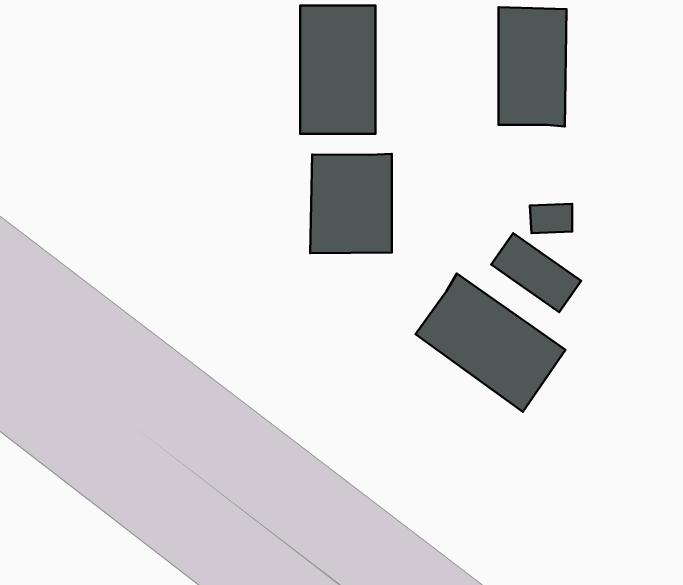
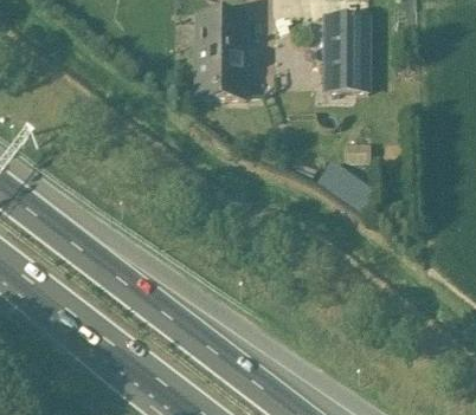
building: [310,154,392,253] -> none
building: [416,274,565,412] -> none

